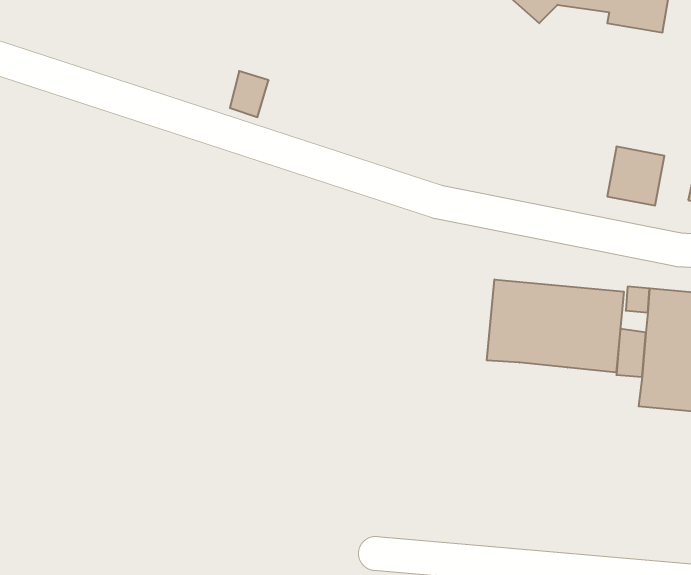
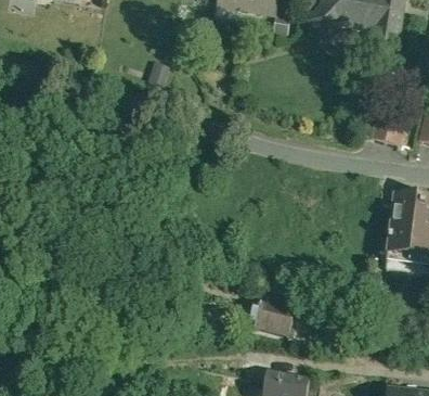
building: [487,279,624,373] -> none
building: none -> [250,304,290,336]

